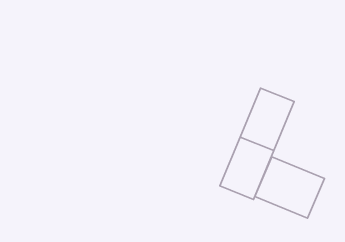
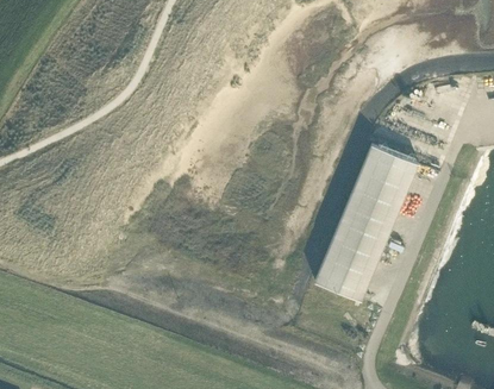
building: [255,157,325,218] -> none

